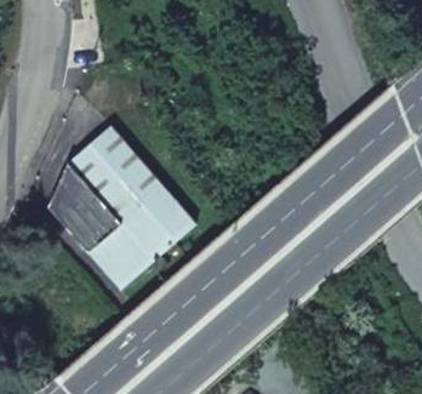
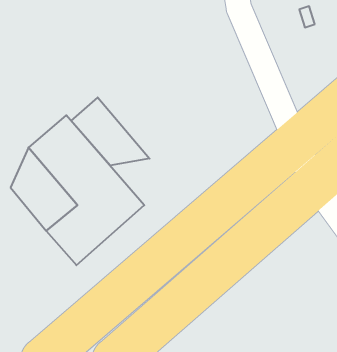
building: none -> [71,97,150,166]

